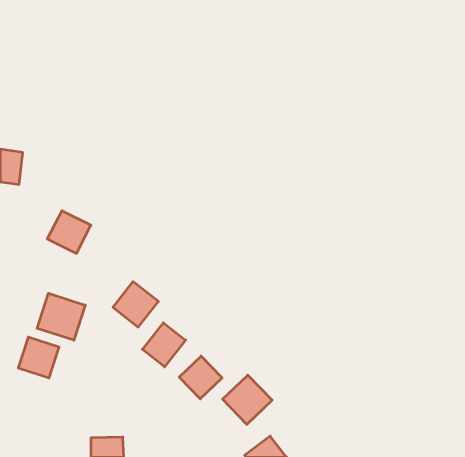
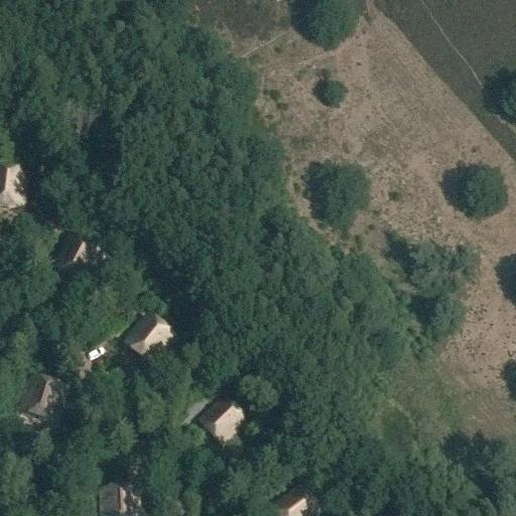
building: [37,293,85,340] -> none
building: [142,323,186,367] -> none
building: [223,375,272,424] -> none

